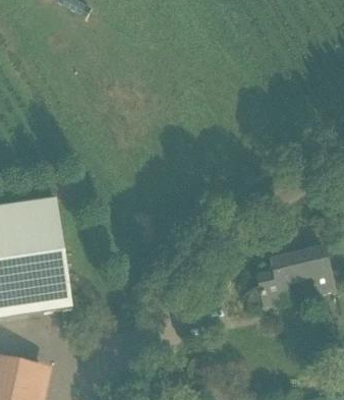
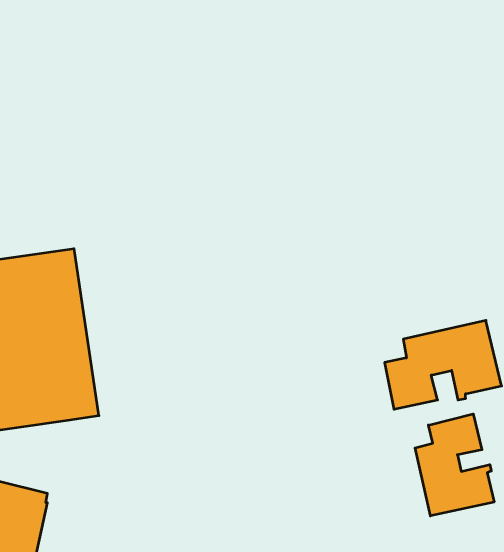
building: none -> [415,414,494,516]

